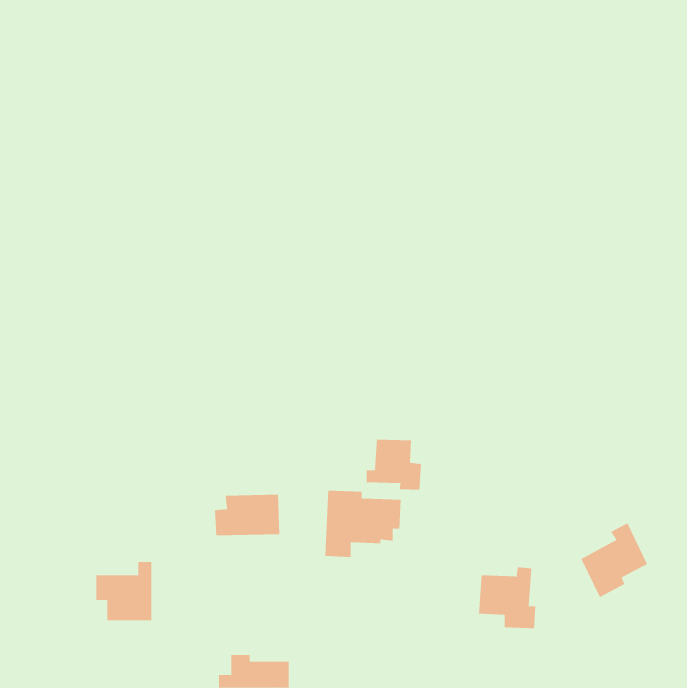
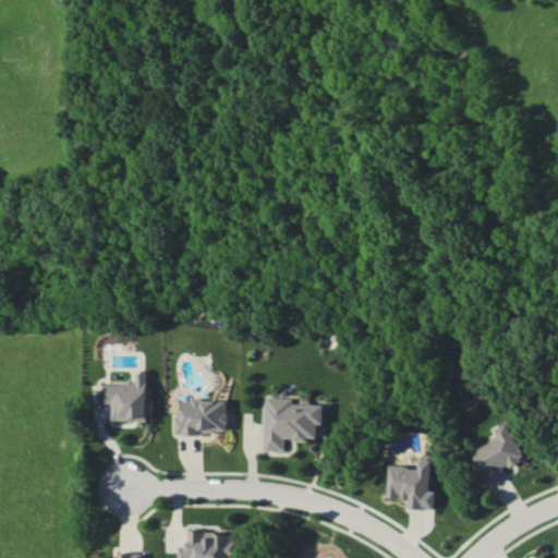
building: [366,439,421,491] -> none
building: [96,562,152,621] -> [102,372,148,420]

